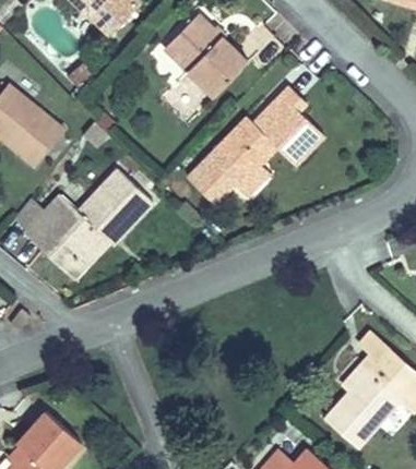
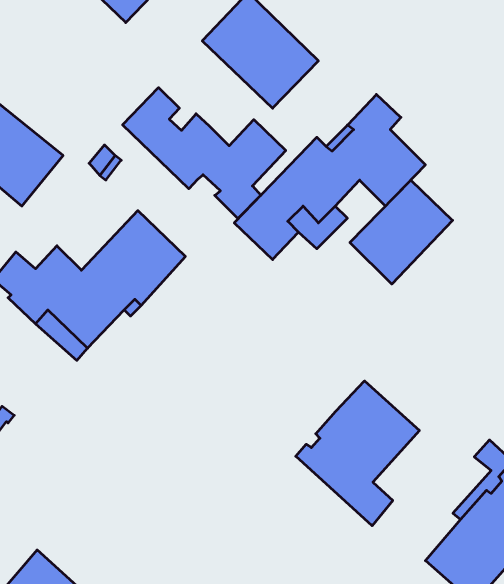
building: none -> [123,88,286,218]
building: none -> [350,180,453,284]
building: none -> [296,381,419,526]

